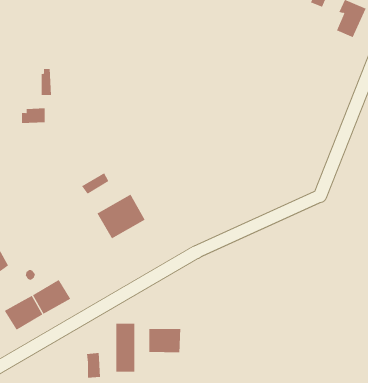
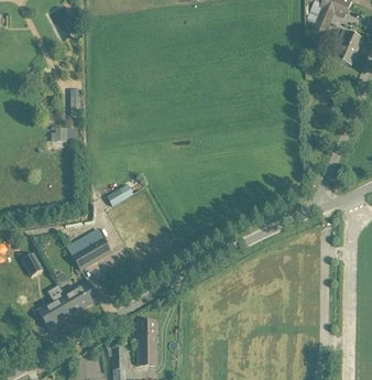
building: [97,194,146,239] -> [67,229,111,270]
building: [149,328,181,353] -> none

